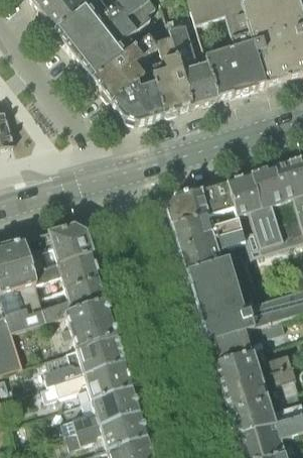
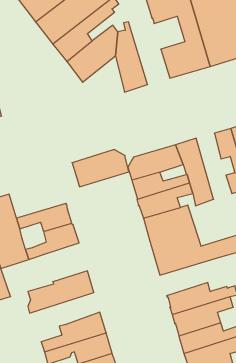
building: [166,23,216,105] -> none
building: [110,70,161,121] -> none
building: [249,164,292,245] -> none
building: [20,223,90,268] -> [72,150,129,187]
building: [59,299,116,346] -> none
building: [204,316,284,363] -> none
building: [39,359,131,402] -> none

